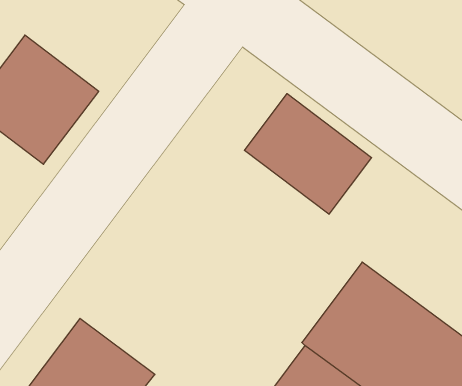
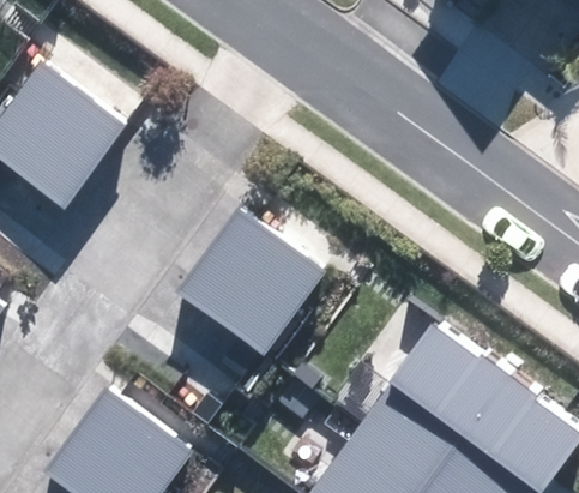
building: [244,94,372,214] -> none
building: none -> [176,210,322,354]

